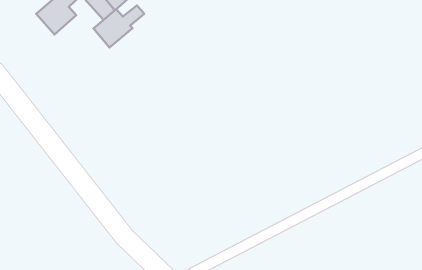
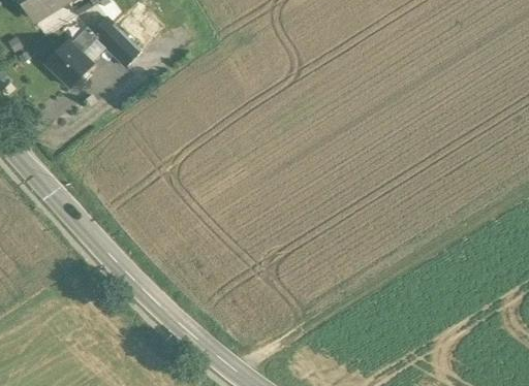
building: [93,6,144,48] -> none

